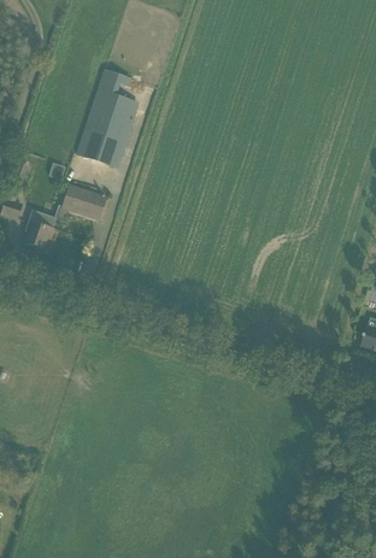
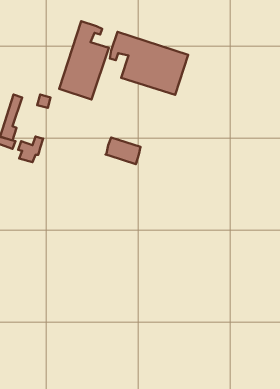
building: none -> [110,32,188,95]
building: [61,184,106,218] -> [105,137,141,164]

